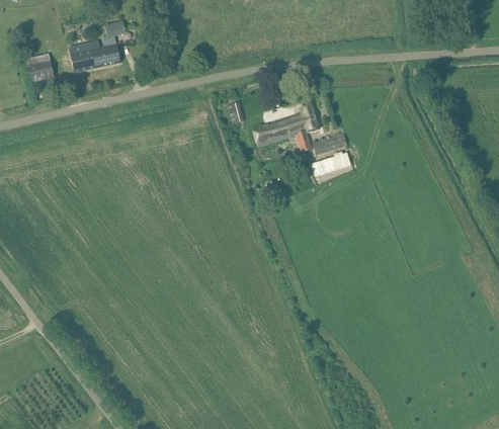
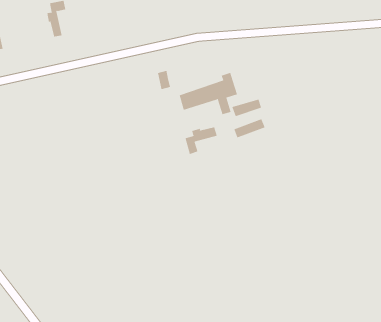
building: [68,39,110,71] -> none
building: none -> [185,126,217,155]

